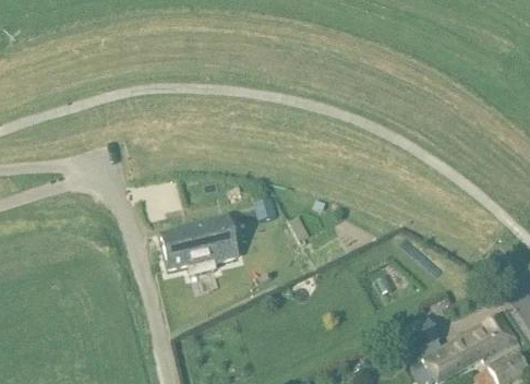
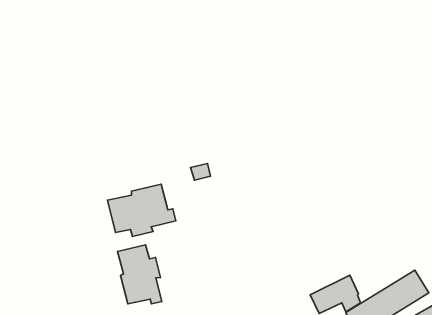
building: none -> [117,245,162,304]

